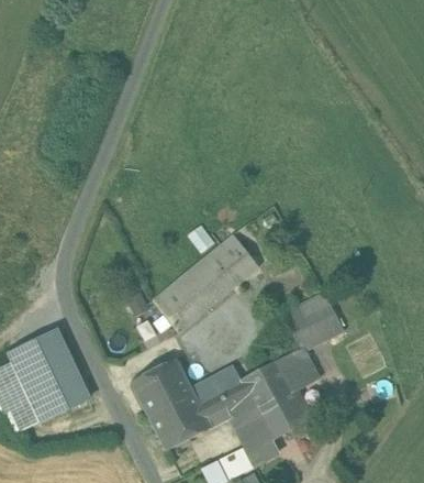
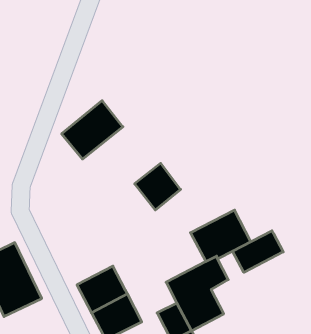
building: [152,259,226,330] -> [62,101,123,159]
building: none -> [233,231,283,272]
building: [190,365,253,427] -> none

